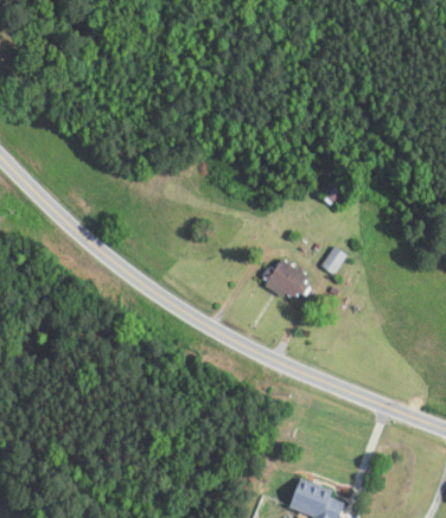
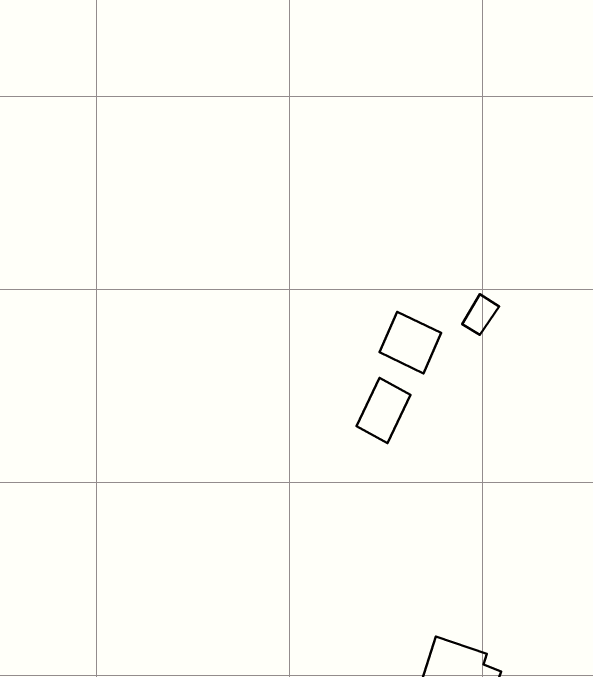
building: none -> [357,378,411,443]

